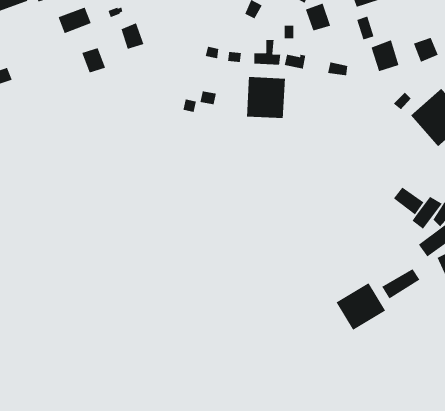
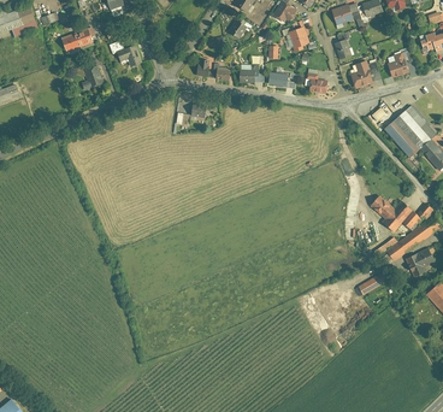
building: [246,76,286,119] -> none
building: [336,282,386,331] -> none

